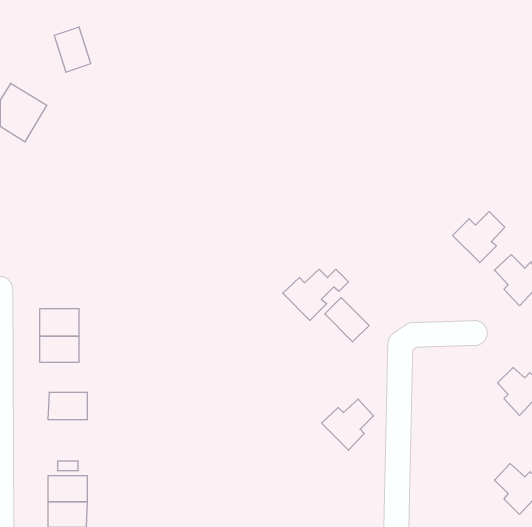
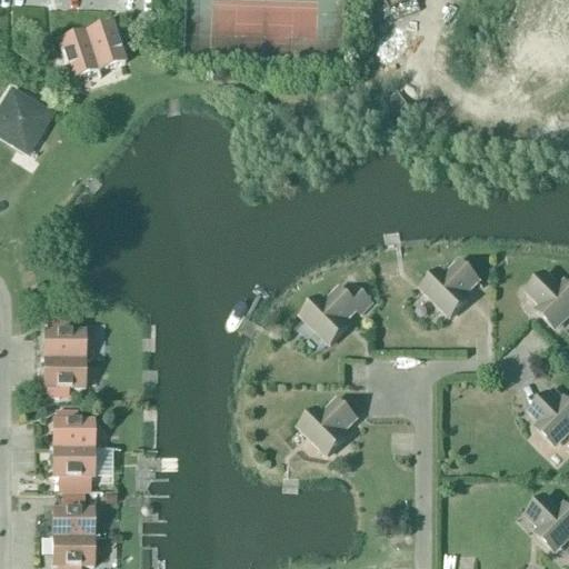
building: none -> [86,20,126,68]
building: [453,212,505,263] -> [422,260,478,315]
building: [325,298,369,342] -> none
building: [322,399,374,450] -> [300,398,356,452]
building: none -> [52,447,94,475]

